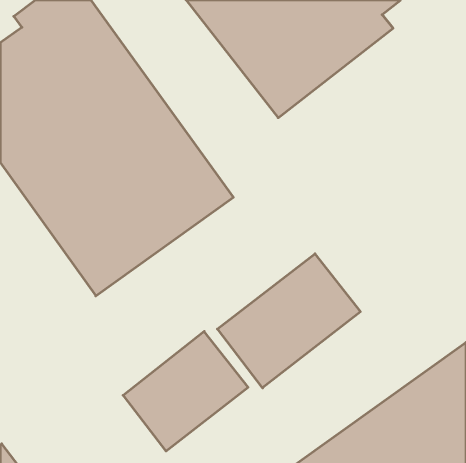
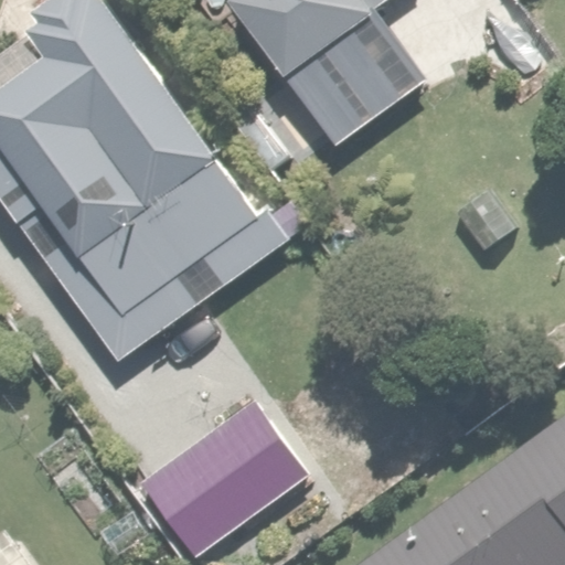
building: [217,254,360,388] -> none

